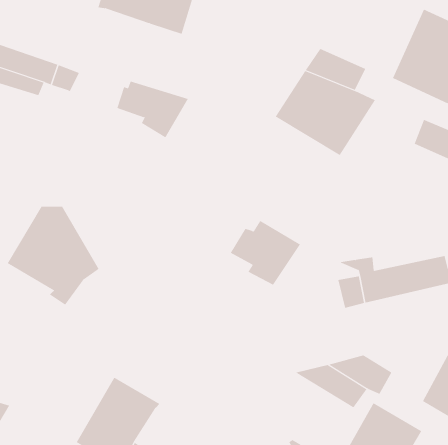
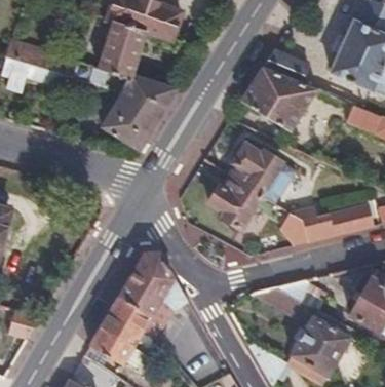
building: none -> [98,20,146,79]
building: none -> [100,94,158,151]
building: none -> [229,143,282,197]
building: [7,206,100,306] -> [119,254,189,328]

